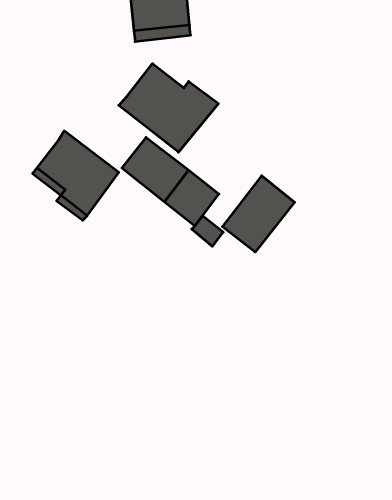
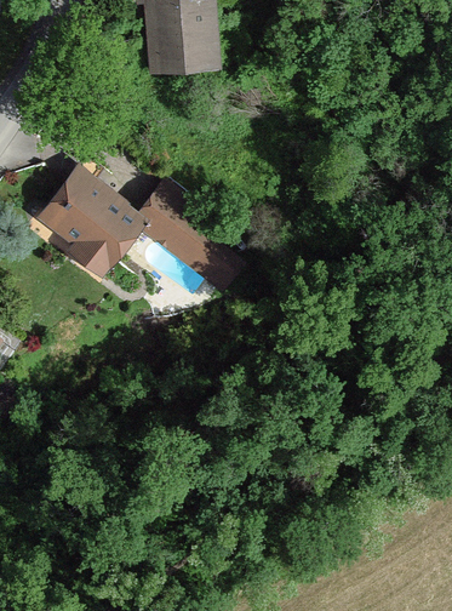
building: [119,64,218,152] -> none
building: [222,176,295,252] -> none

